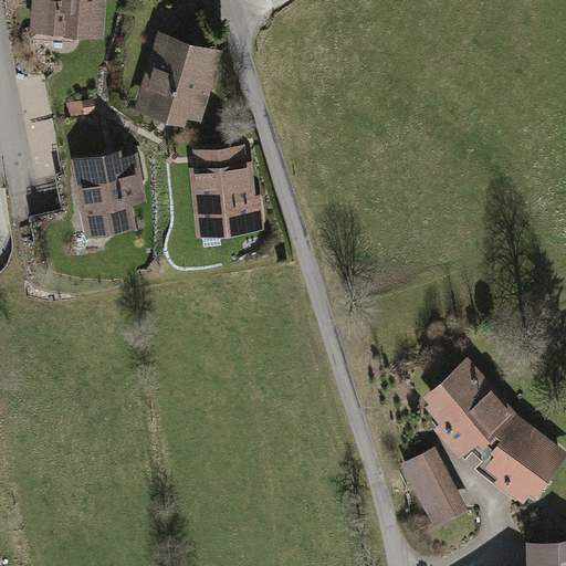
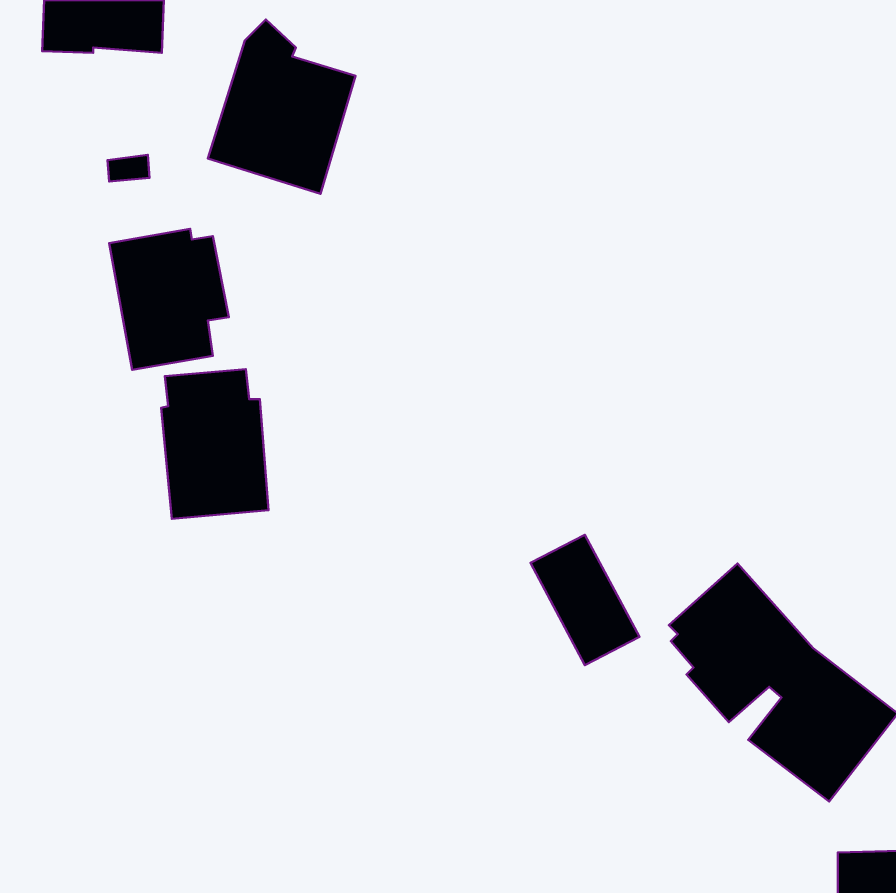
building: [191,145,259,239] -> [161,369,269,519]
building: [399,449,468,531] -> [530,535,640,665]

